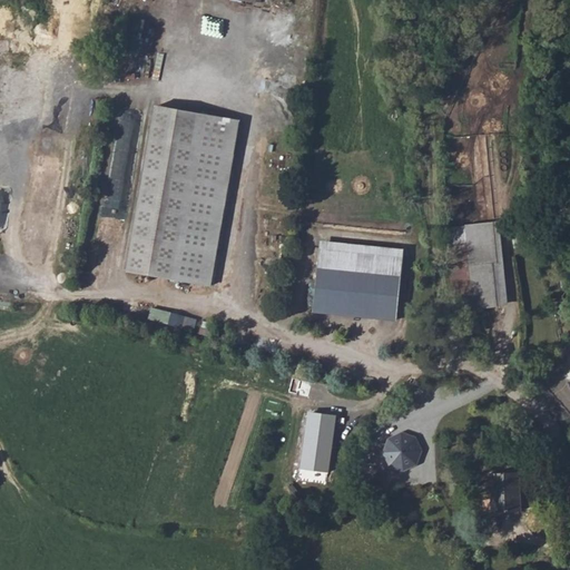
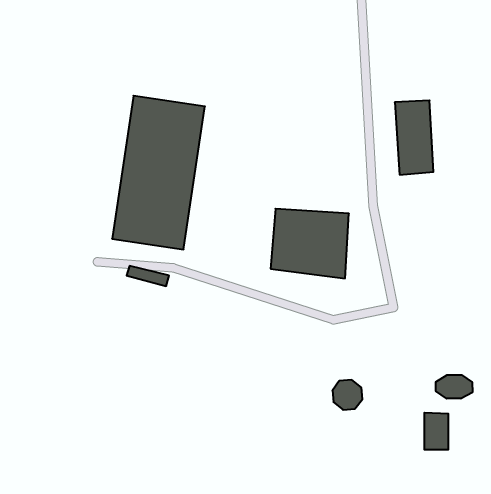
building: [461,222,505,307] -> [395,100,433,175]
building: [295,410,332,471] -> none
building: none -> [436,375,472,399]

